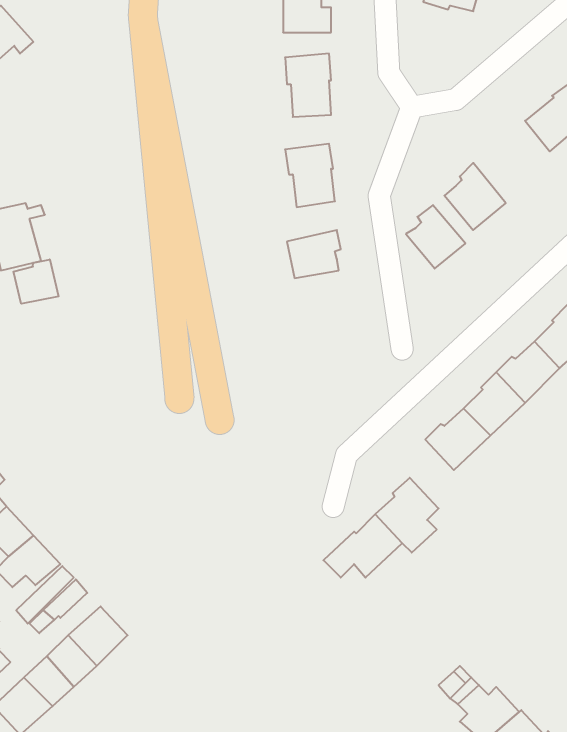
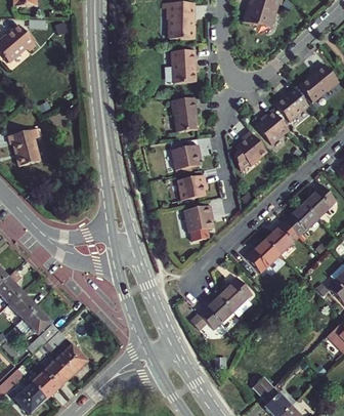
building: none -> [274,86,307,119]
building: [13,259,59,304] -> none
building: none -> [178,174,207,200]
building: none -> [184,204,213,232]

